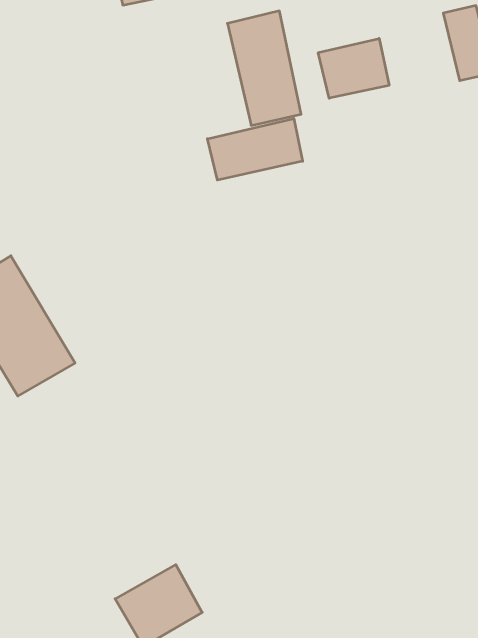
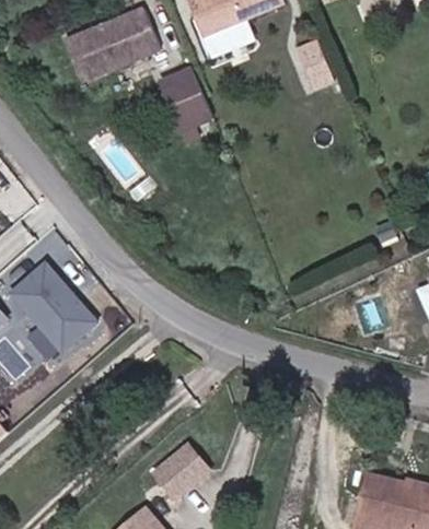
building: [318,38,389,98] -> none
building: [207,119,303,180] -> none

